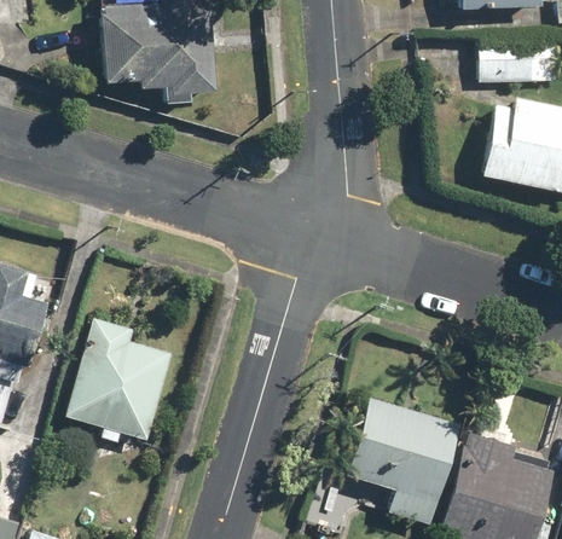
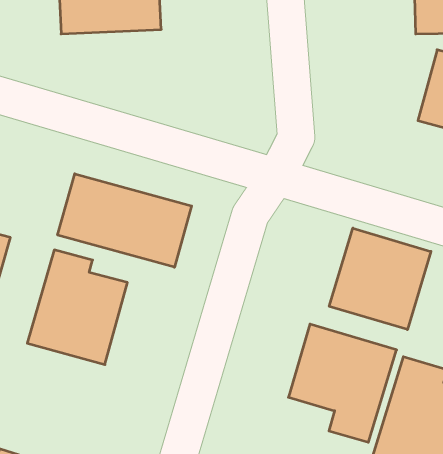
building: none -> [58,174,192,267]
building: none -> [329,228,431,330]

